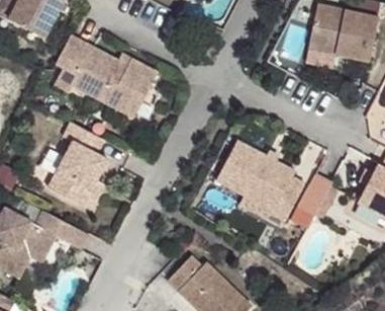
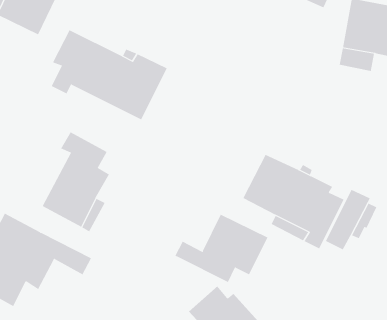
building: none -> [175,214,268,283]

